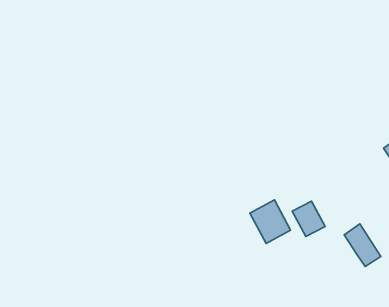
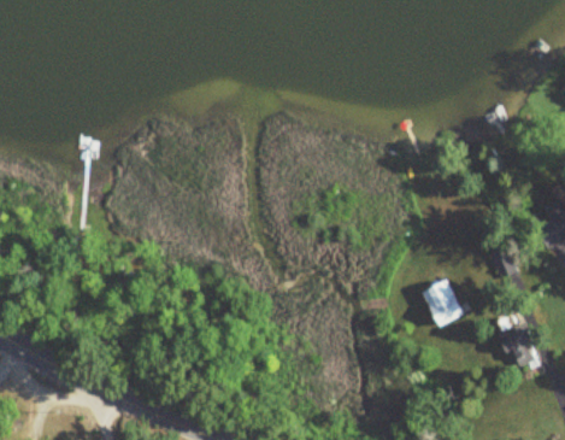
building: [250,200,291,243] -> none

